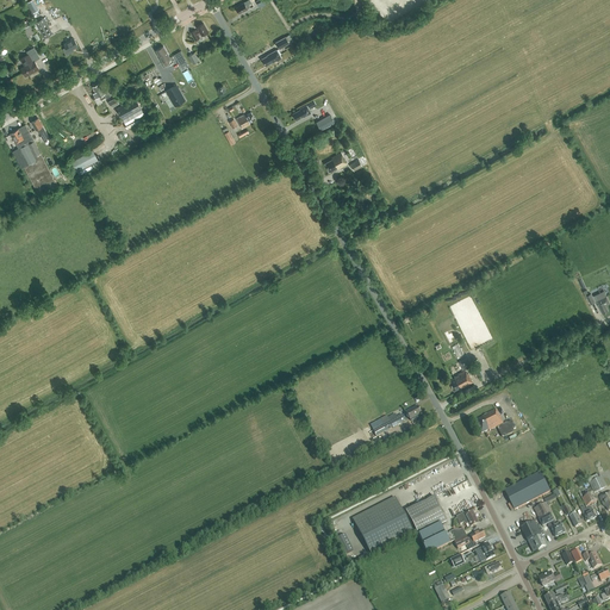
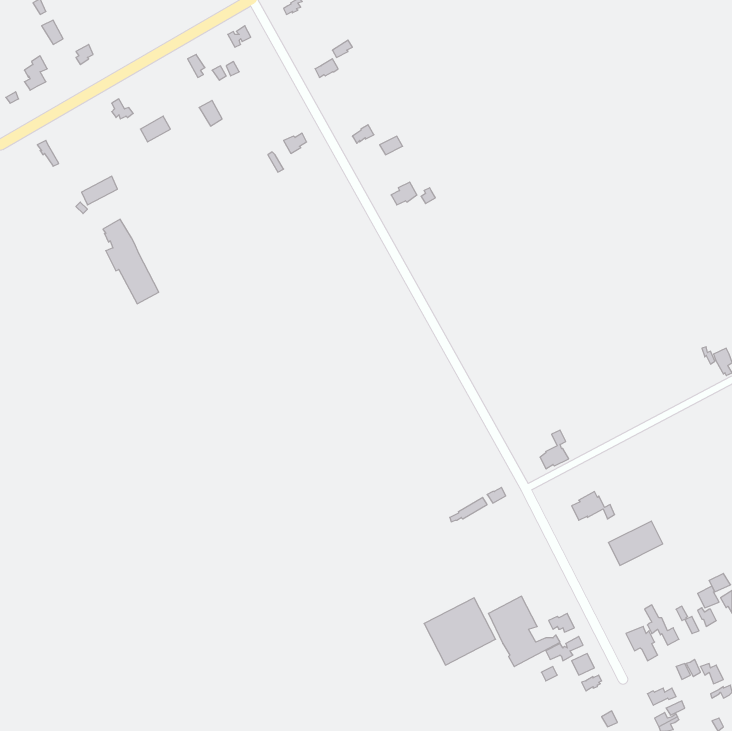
building: [11,124,57,194] -> [103,219,159,304]
building: [505,472,550,509] -> [608,521,663,565]

